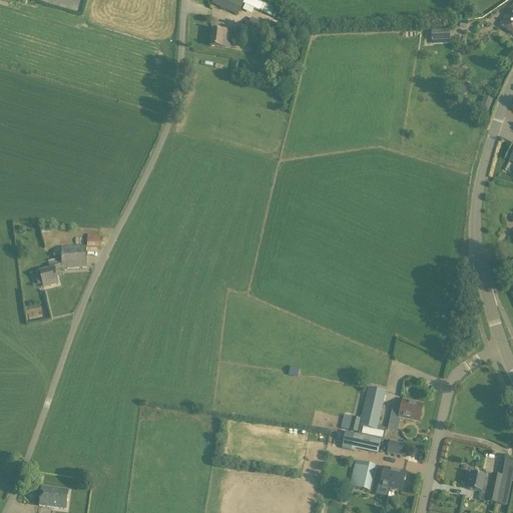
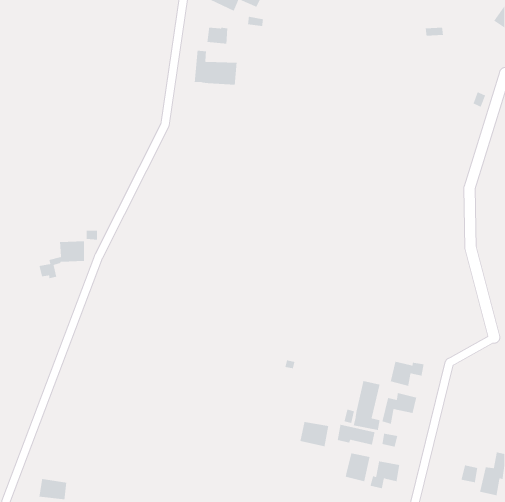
building: none -> [194,50,237,85]
building: none -> [390,361,424,387]
building: none -> [299,421,329,447]

